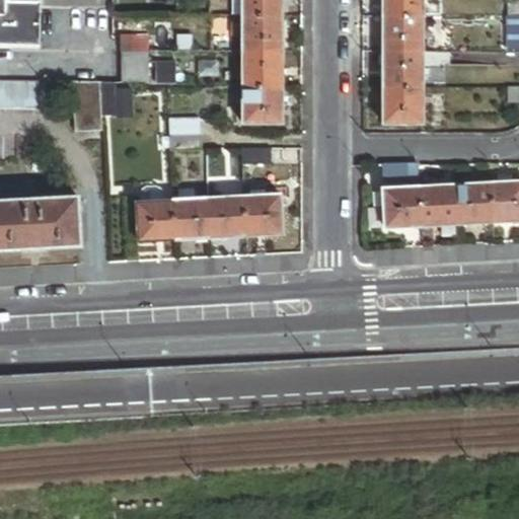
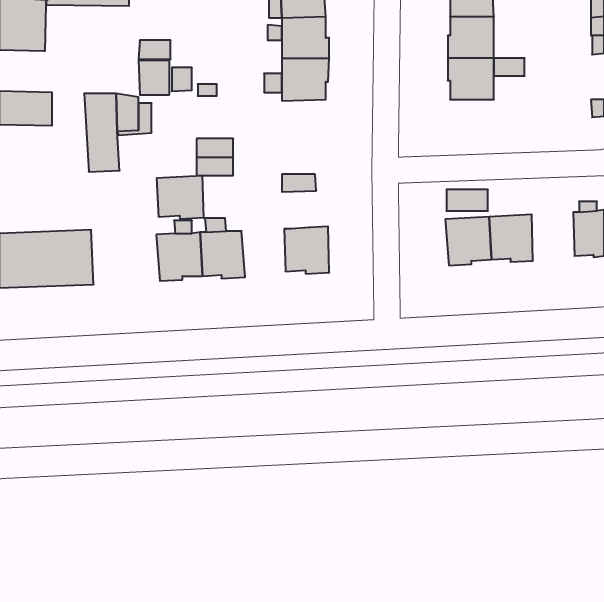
building: [241,85,282,122] -> none
building: [383,85,423,117] -> none
building: none -> [157,175,204,219]
building: [455,181,492,223] -> none
building: [207,196,244,237] -> none

